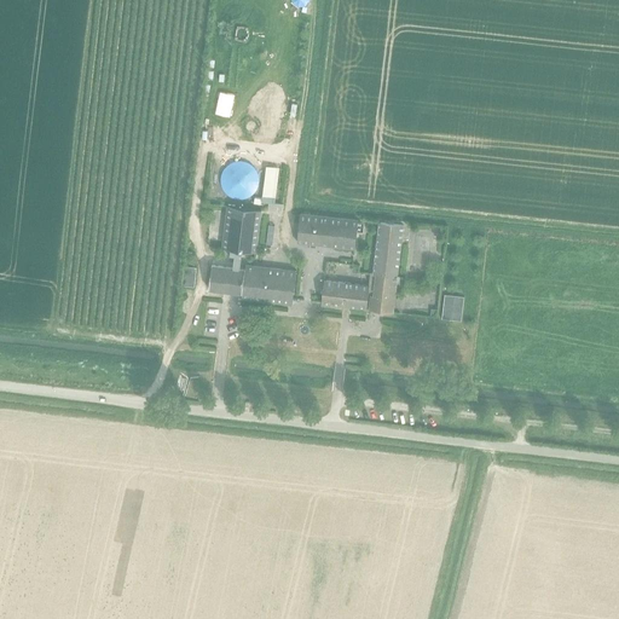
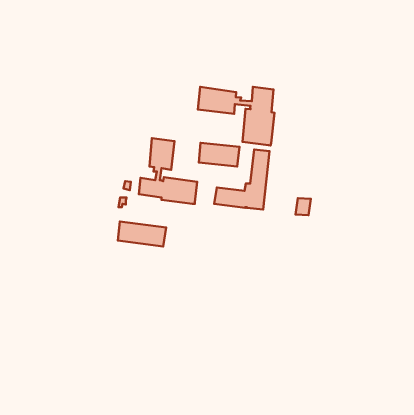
building: none -> [198,87,274,145]
building: none -> [118,222,166,246]

